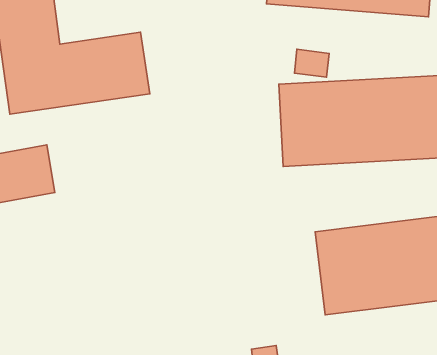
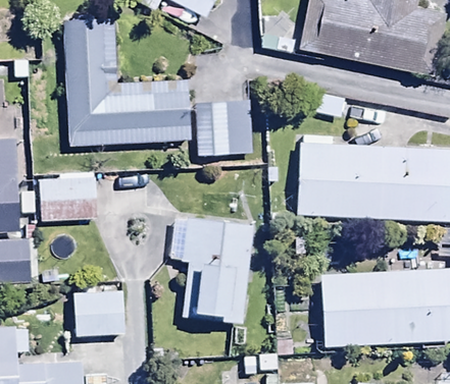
building: none -> [196,92,253,149]
building: none -> [170,227,254,335]
building: none -> [73,274,124,328]

